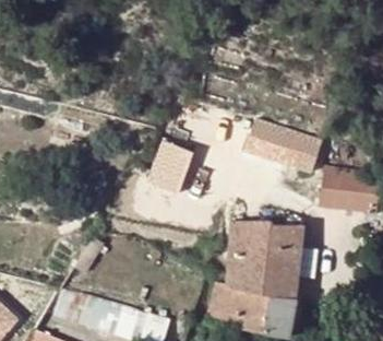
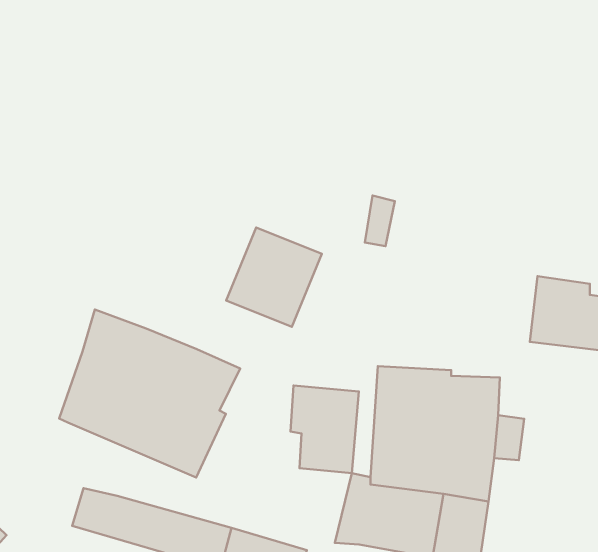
building: [247,117,323,167] -> none
building: none -> [59,309,240,478]
building: none -> [291,385,359,473]

